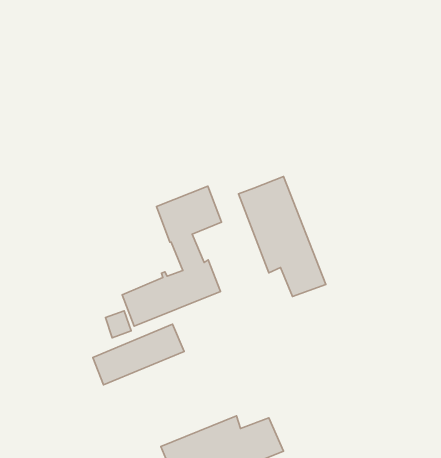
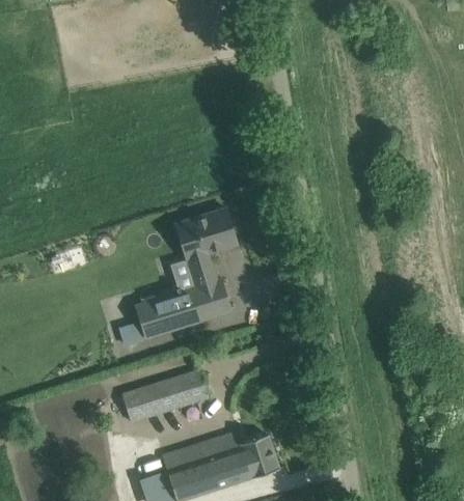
building: [238,177,326,297] -> none
building: [93,324,184,385] -> [121,369,210,422]

